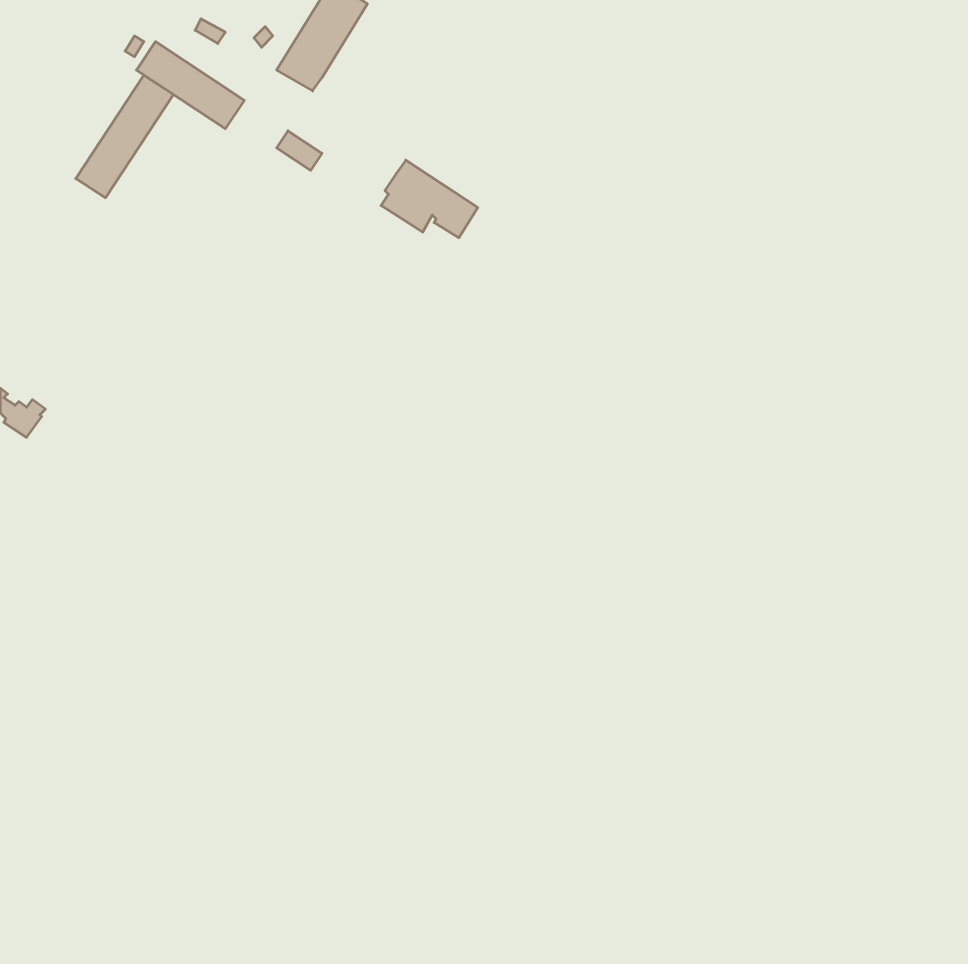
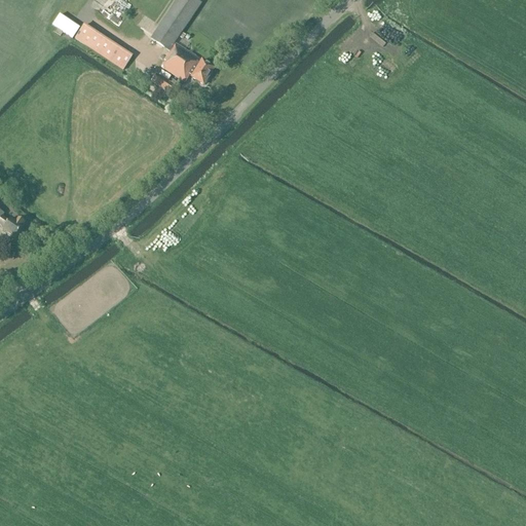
building: [76,75,173,198] -> none
building: [381,160,478,238] -> [161,42,214,84]

